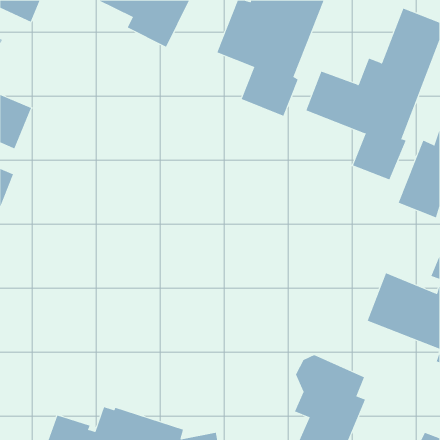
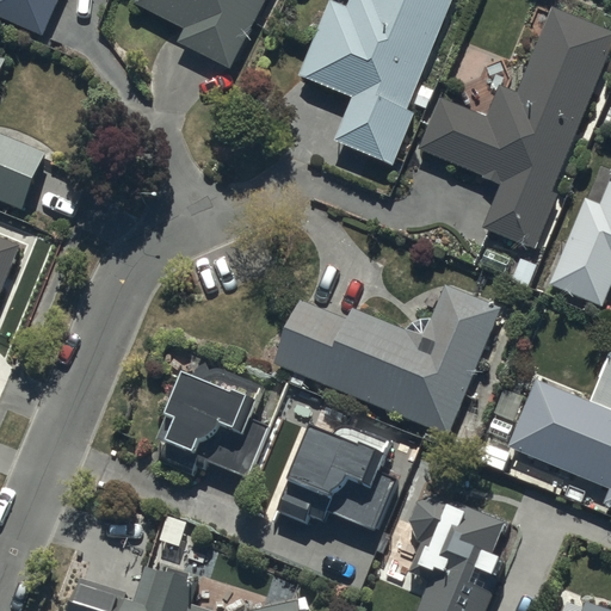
building: none -> [274,284,500,433]
building: none -> [159,344,265,473]
building: none -> [280,416,402,533]

